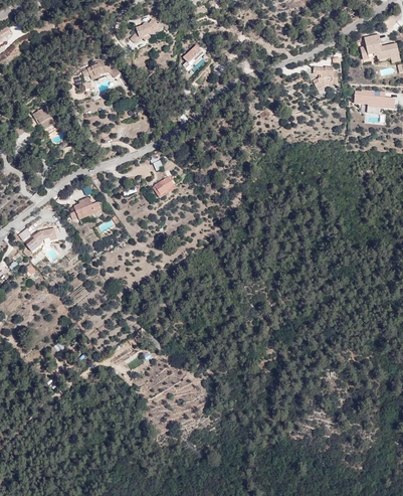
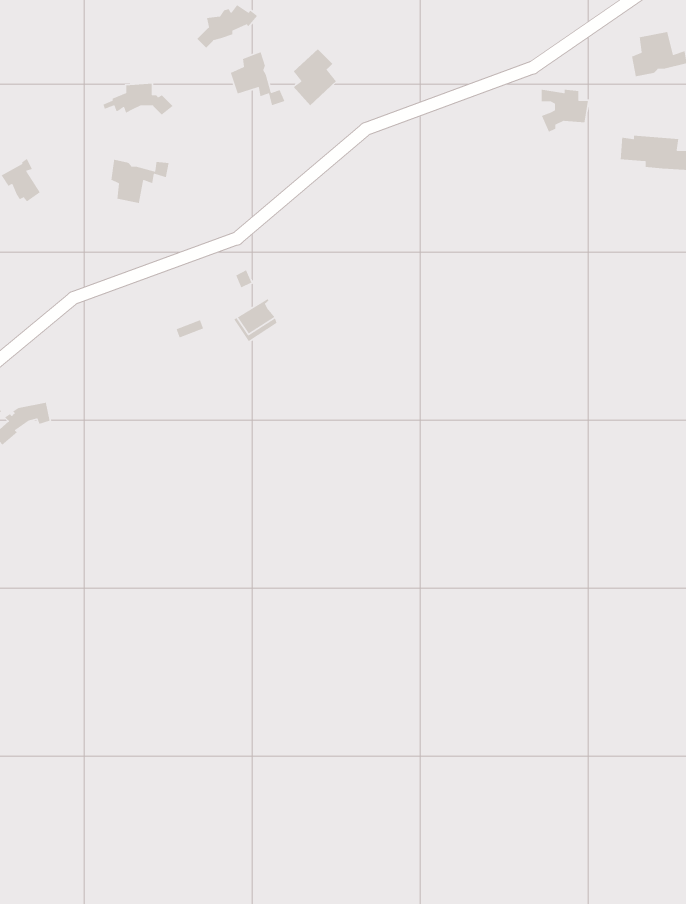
building: none -> [230,51,286,106]
building: none -> [110,159,170,204]
building: [68,194,99,217] -> none

